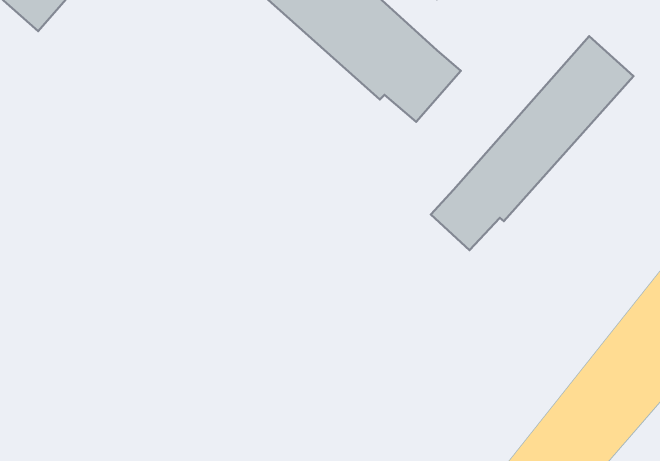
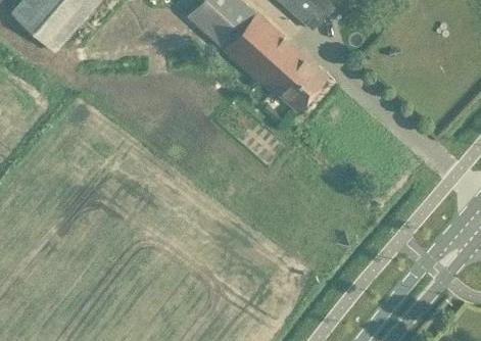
building: [431,36,633,250] -> none

